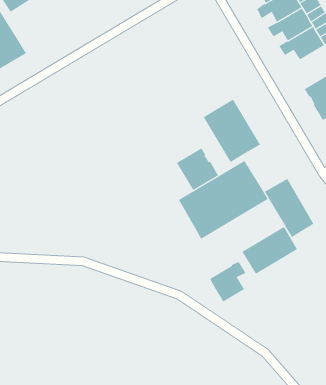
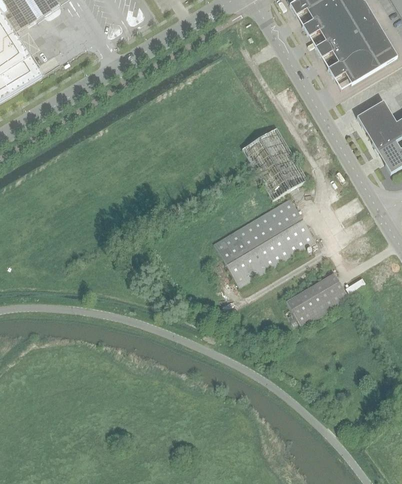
building: [176,147,219,191] -> none
building: [264,178,314,238] -> none
building: [210,261,246,302] -> none

